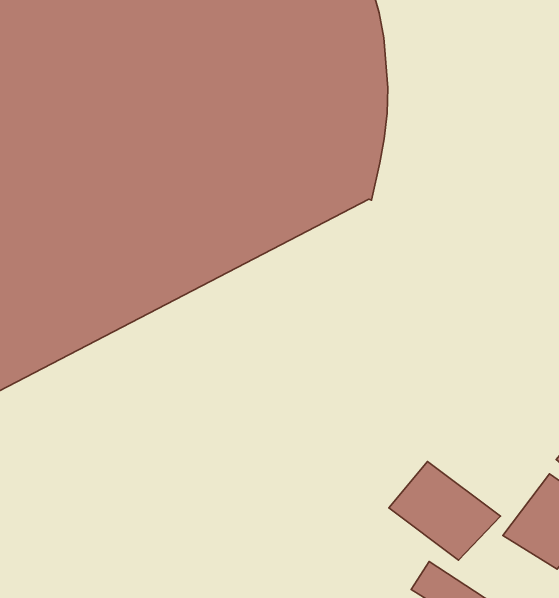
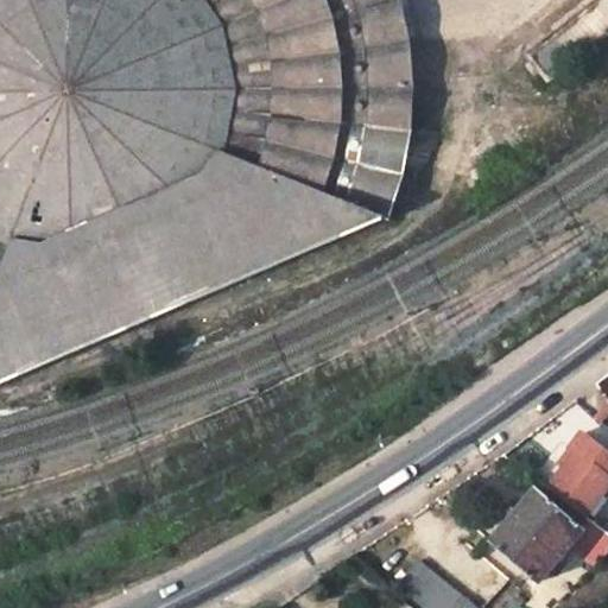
building: [389,461,501,560] -> none

